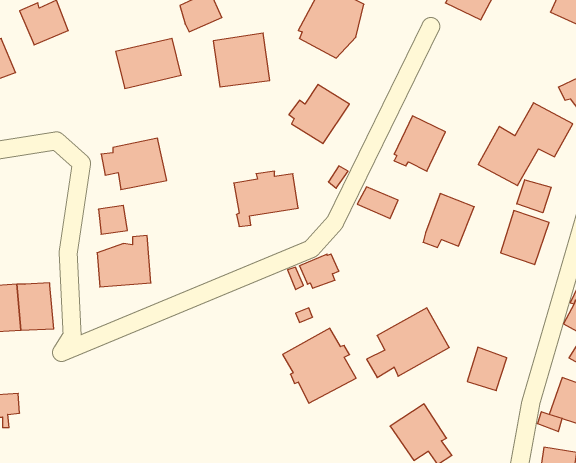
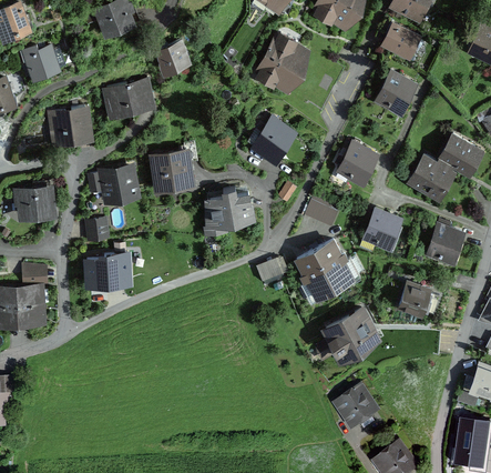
building: none -> [374,71,418,118]
building: [213,33,270,87] -> [149,148,196,193]
building: none -> [49,104,98,147]
building: none -> [12,182,57,220]
building: [517,180,551,213] -> none
building: none -> [23,263,49,285]
building: [283,328,356,403] -> [293,236,355,300]
building: [467,347,507,391] -> [397,281,430,318]

